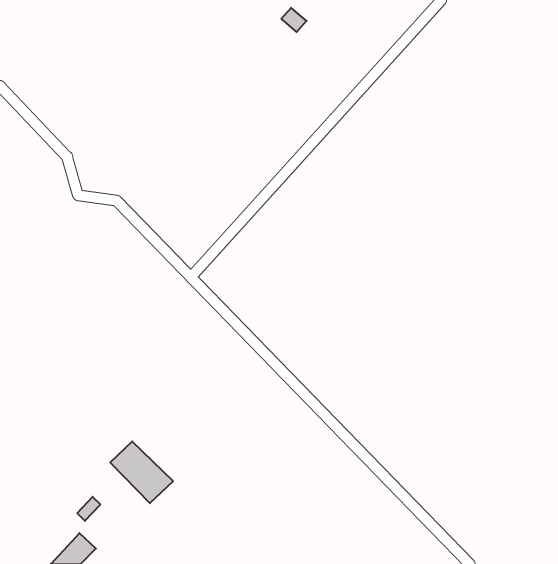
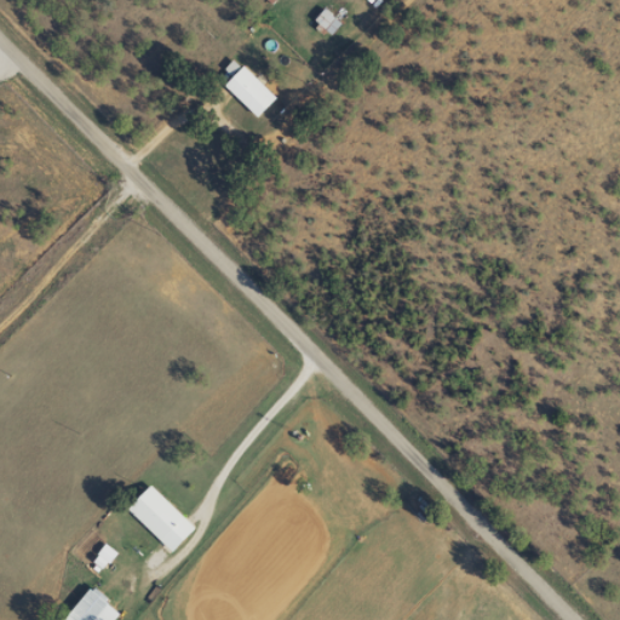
building: none -> [226,68,275,116]

